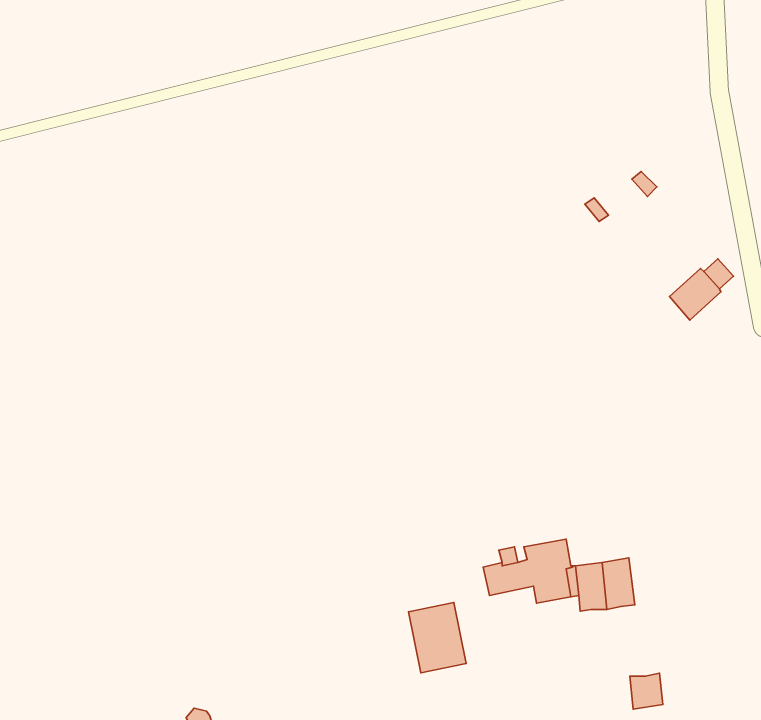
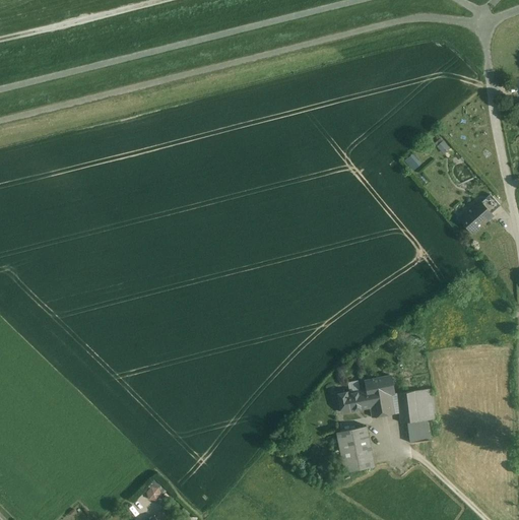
building: [408,602,466,673] -> [336,426,374,471]
building: [630,673,663,709] -> [407,419,429,443]

